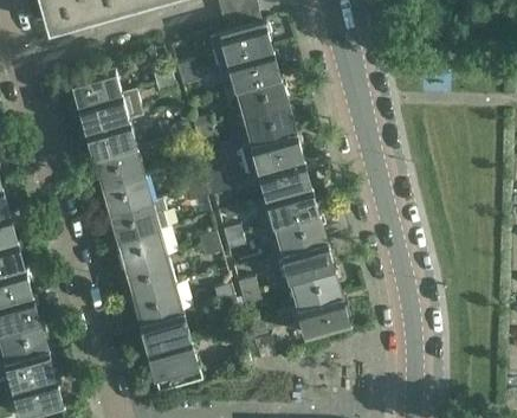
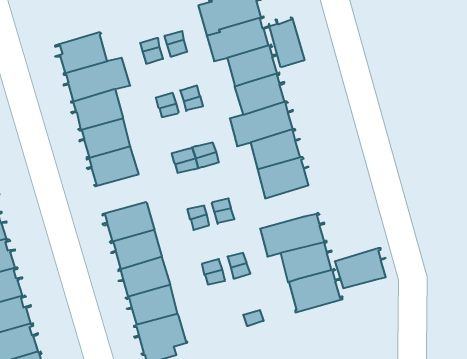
building: none -> [269,17,305,67]
building: [110,205,168,247] -> none
building: [276,219,325,258] -> [335,248,386,288]

